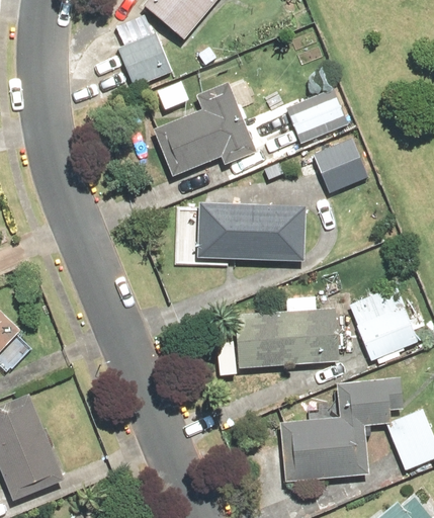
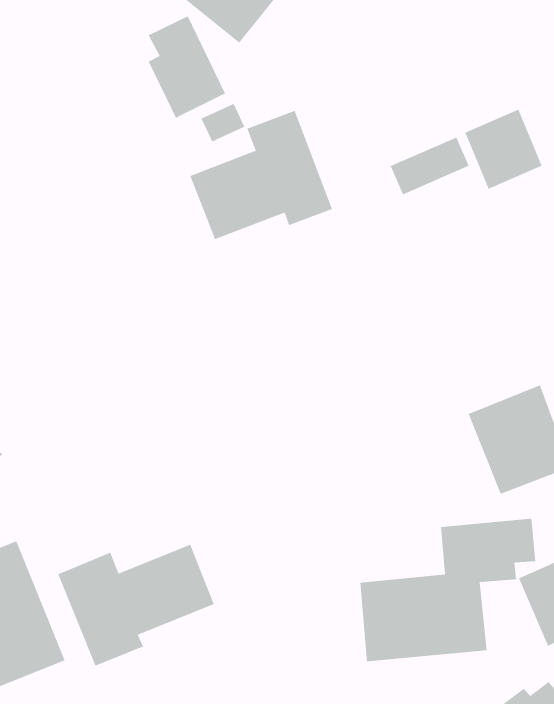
building: [318,134,374,192] -> [465,109,543,190]
building: [195,204,303,261] -> none
building: [234,310,337,369] -> none
building: none -> [58,544,214,667]

